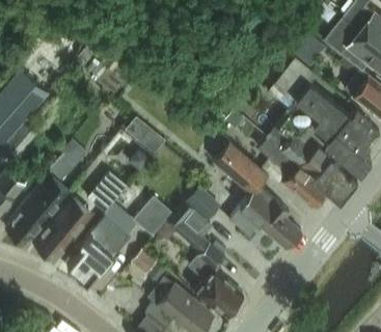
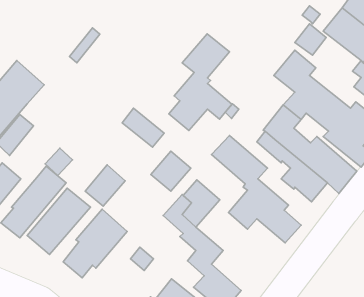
building: none -> [169,34,232,130]
building: [134,197,173,237] -> [151,151,191,191]

